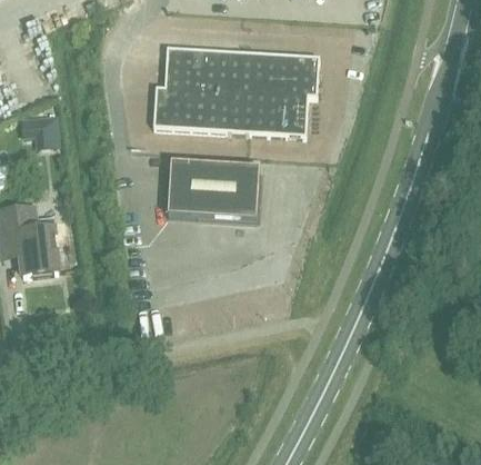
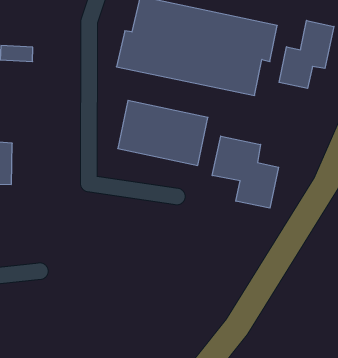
building: none -> [279,20,334,88]
building: none -> [212,136,279,208]

